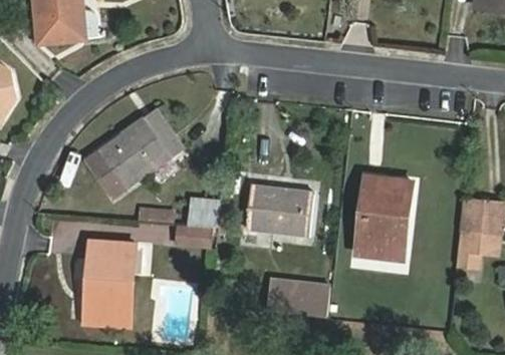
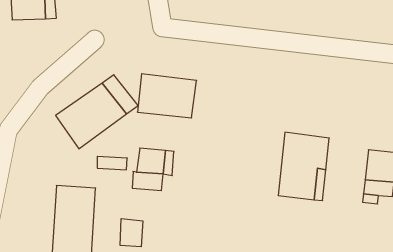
building: [245,184,316,237] -> [137,74,197,118]
building: none -> [120,219,143,247]
building: [266,282,325,315] -> none

